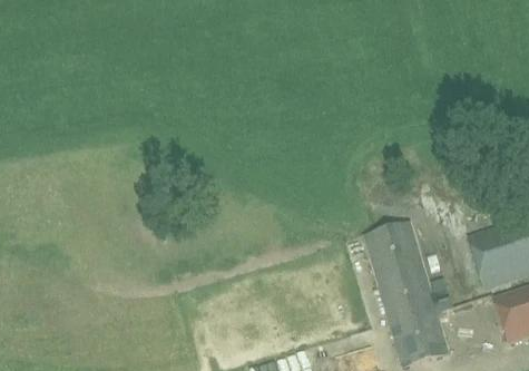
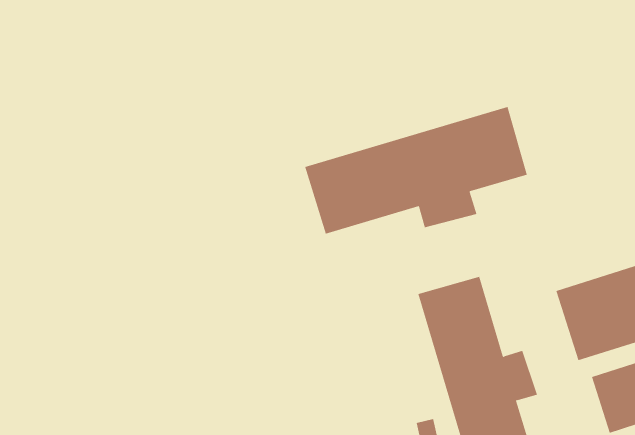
building: none -> [304,106,527,235]

